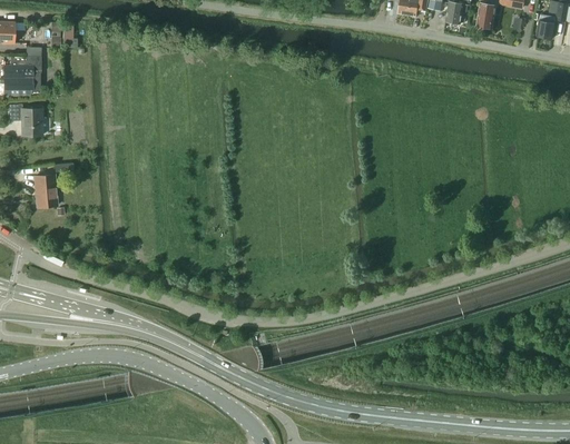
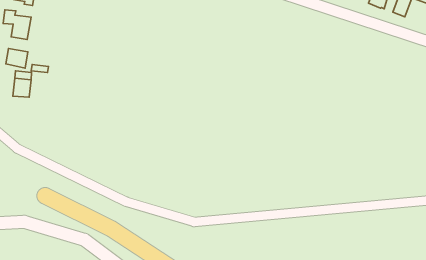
building: none -> [6,49,28,68]

